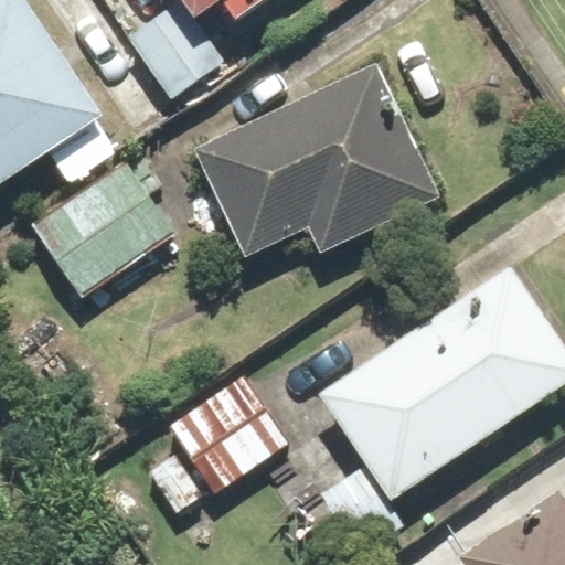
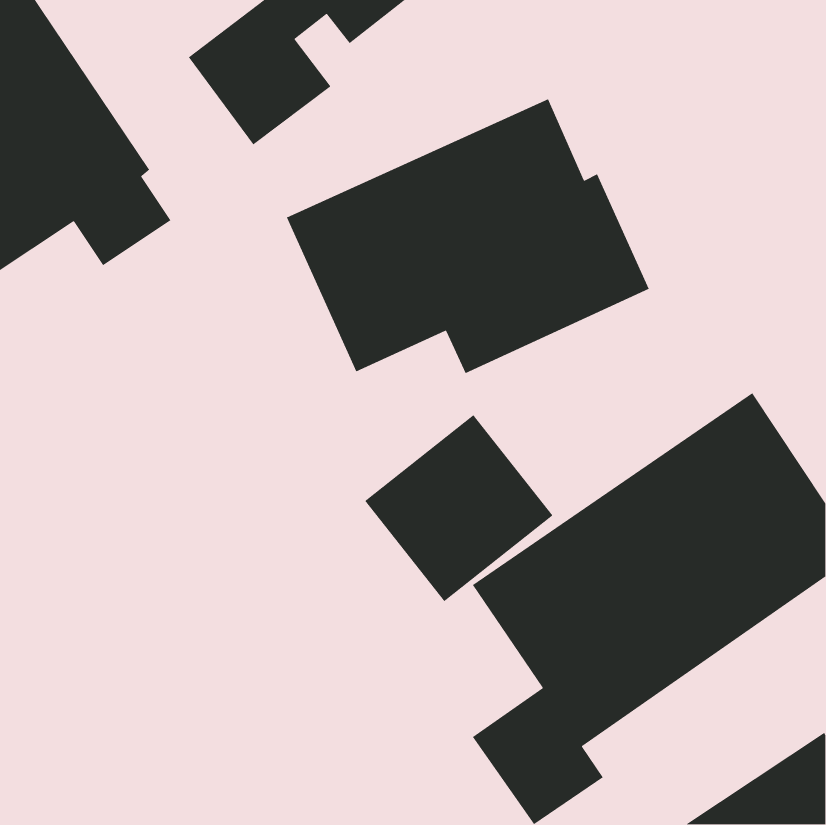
building: [38,157,175,291] -> none
building: [166,366,294,493] -> [364,414,553,602]

